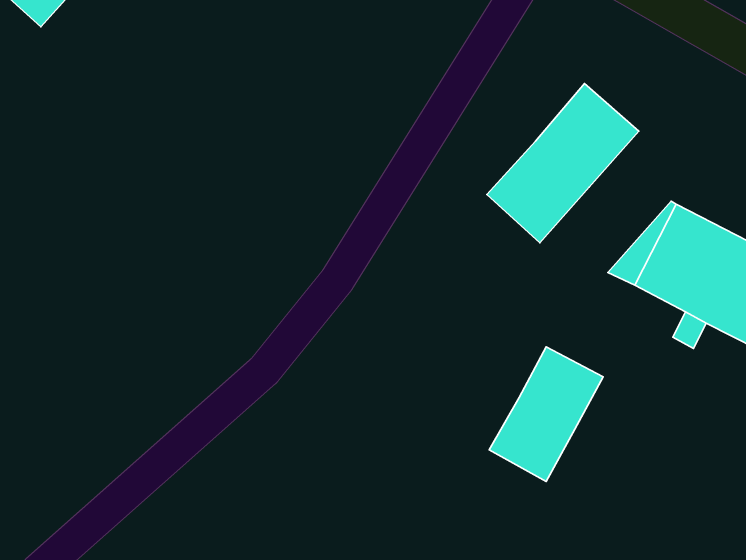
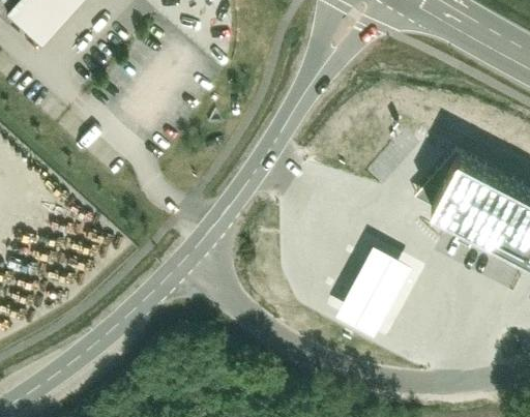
building: [487,84,639,243] -> none

